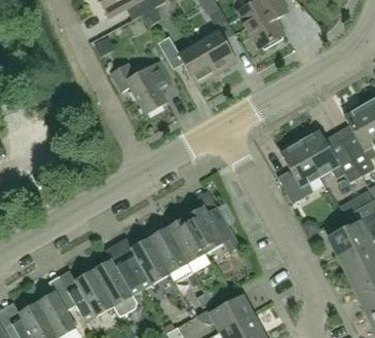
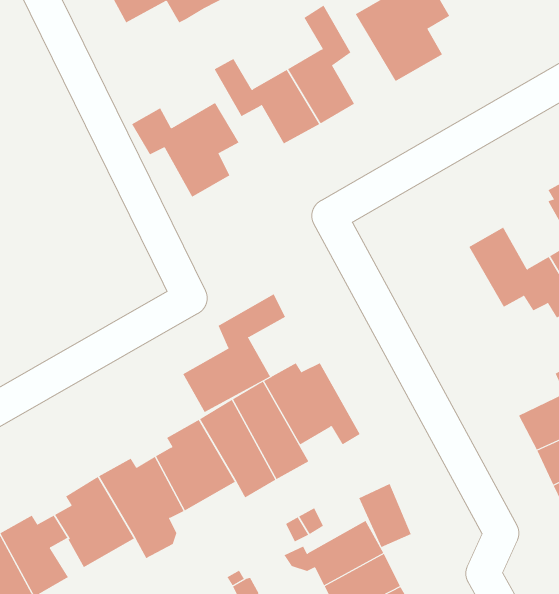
building: [280,141,320,202] -> none
building: none -> [183,294,286,413]
building: none -> [358,483,411,548]

